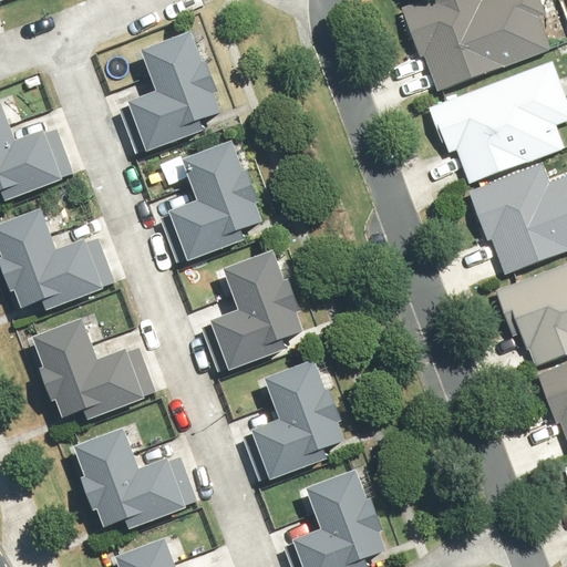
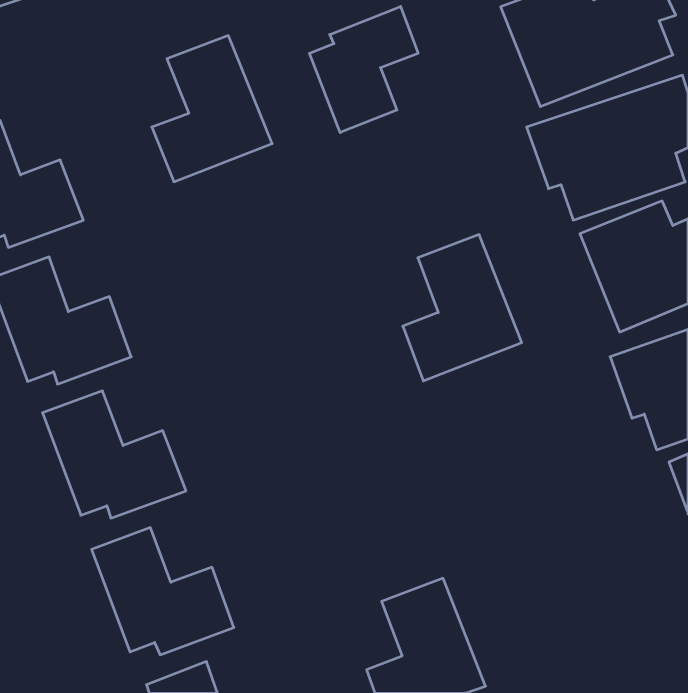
building: none -> [309,6,418,133]
building: [171,136,267,255] -> none
building: [212,256,308,374] -> [403,235,522,381]
building: [249,361,347,481] -> none

